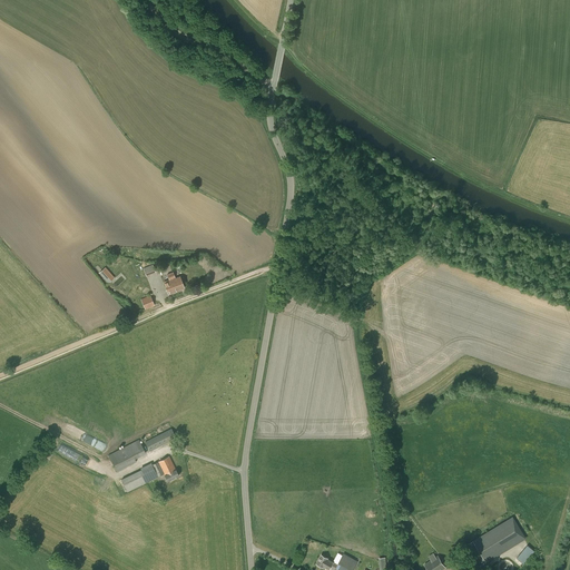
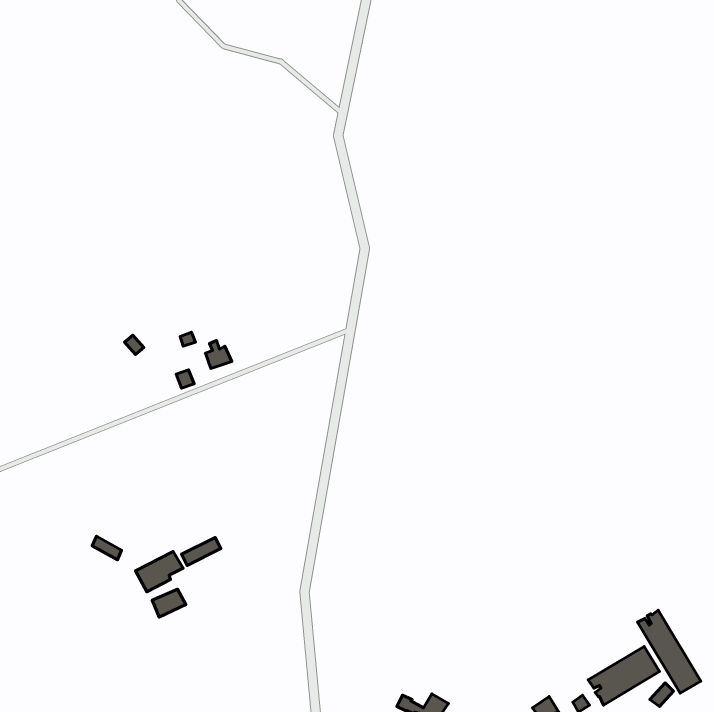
building: [141,458,178,482] -> none
building: none -> [638,610,701,693]

